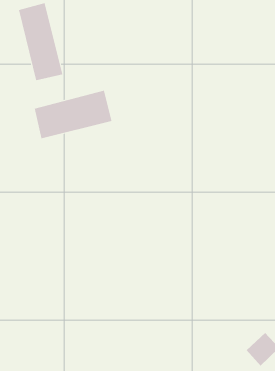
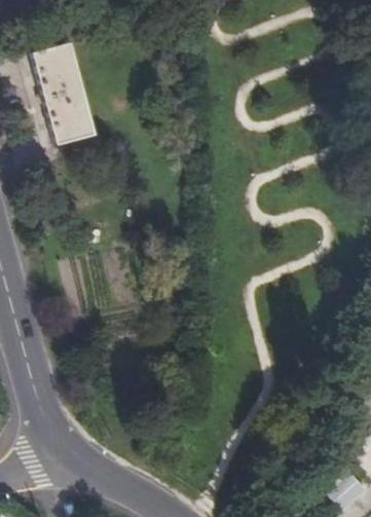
building: [34,90,112,139] -> none

